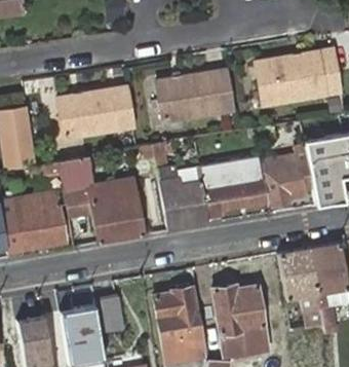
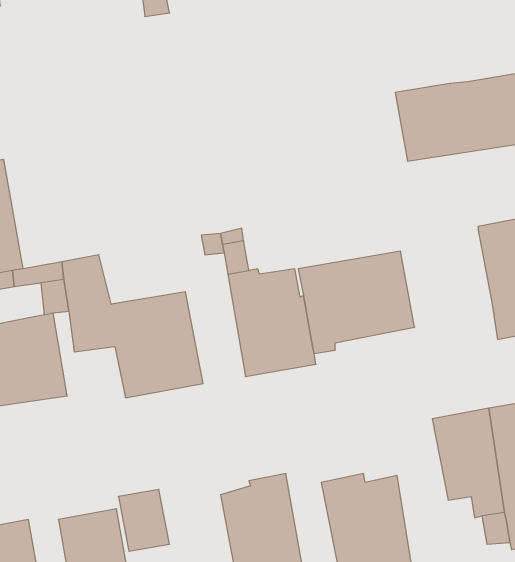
building: [157,70,230,121] -> none
building: [59,86,132,139] -> none
building: [264,144,313,203] -> none

